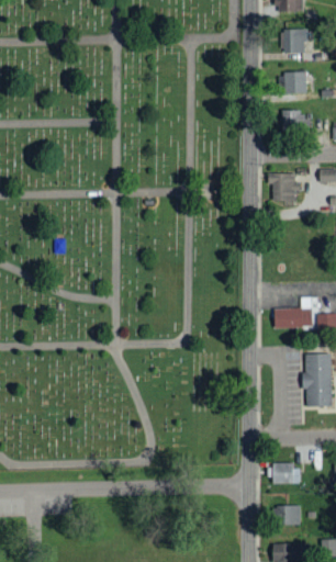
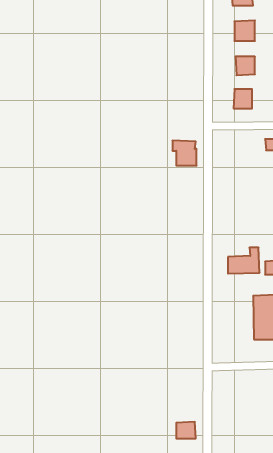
building: [268,172,296,202] -> [172,141,197,166]
building: [272,464,300,484] -> none
building: [278,505,301,525] -> [176,422,196,439]

